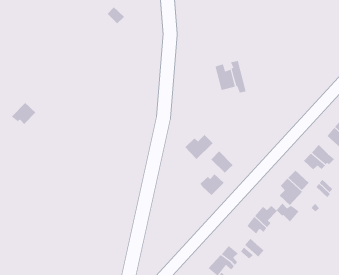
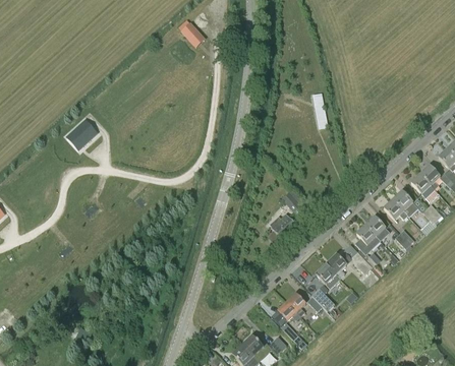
building: [215,64,236,91] -> none
building: [184,134,213,160] -> none

